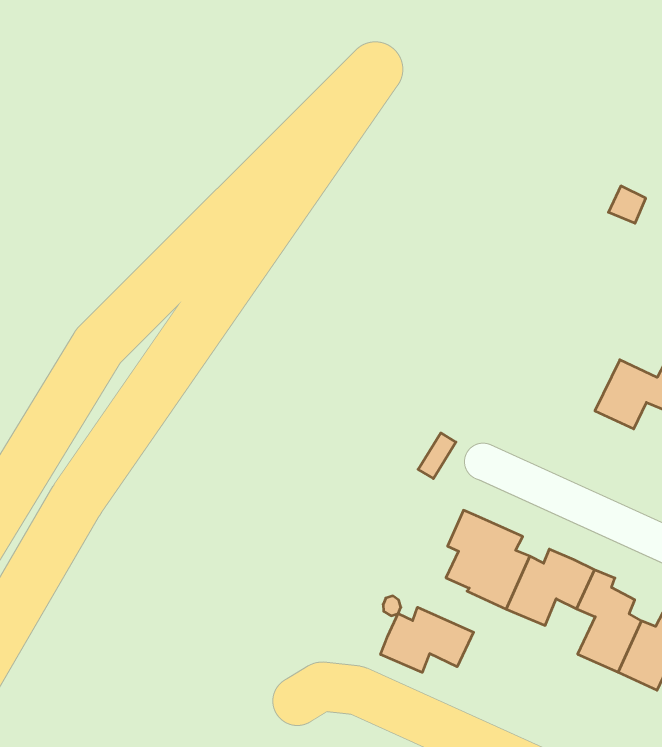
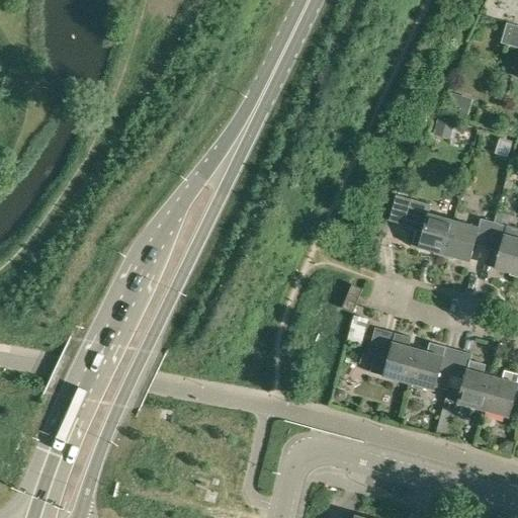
building: none -> [403,200,453,255]
building: [381,607,474,672] -> none

